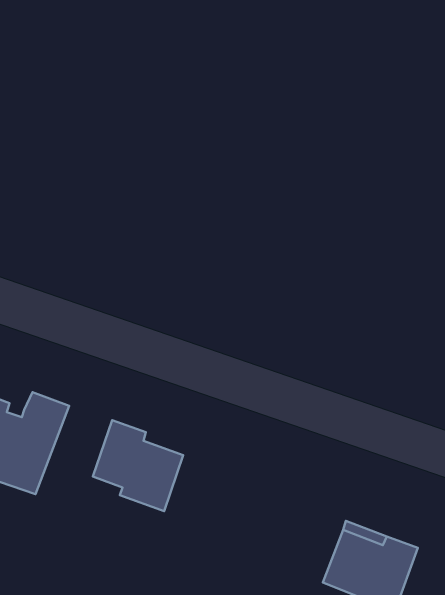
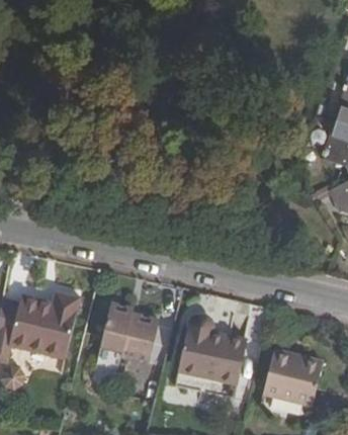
building: none -> [179,316,248,387]

